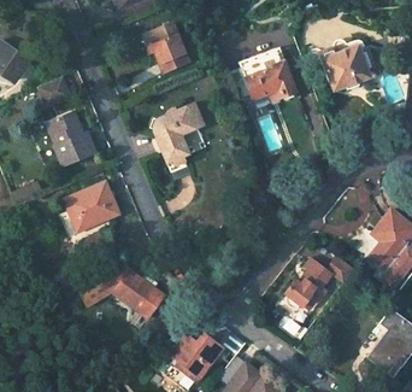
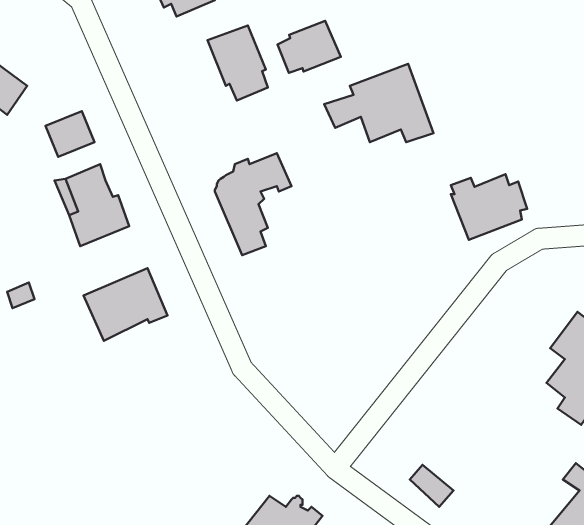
building: none -> [278,21,341,73]
building: [322,46,372,89] -> [451,174,527,240]
building: [288,257,355,308] -> none
building: [78,262,165,317] -> none

